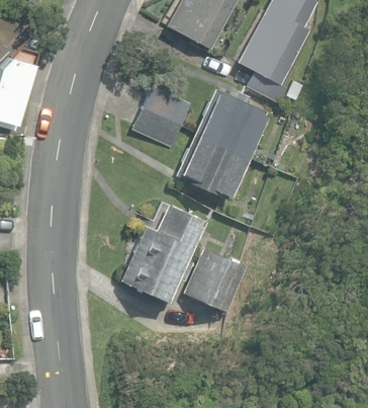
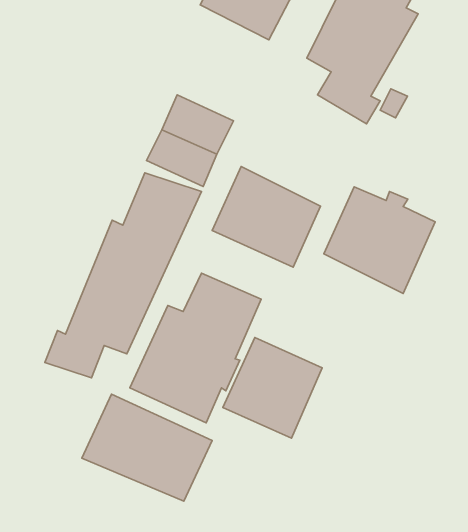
building: [195,88,269,159] -> [324,187,435,294]
building: none -> [45,173,201,378]
building: none -> [82,394,212,501]

